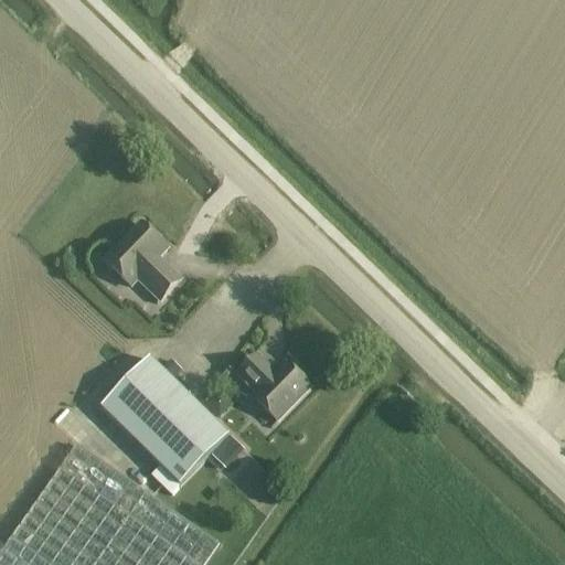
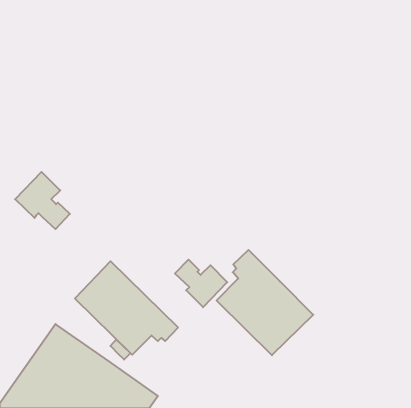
building: [106,223,181,301] -> [15,172,70,229]
building: none -> [217,250,313,355]

